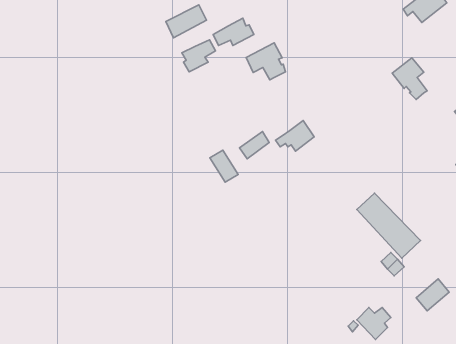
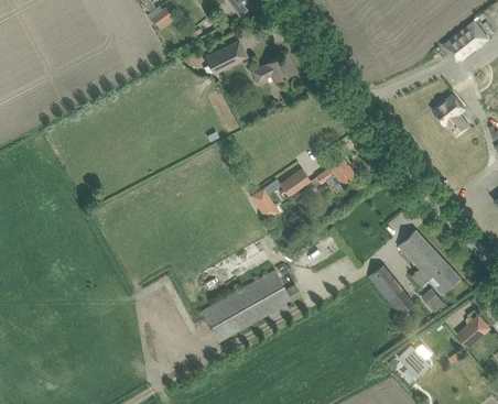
building: [182,40,215,72] -> none
building: [246,43,286,80] -> none
building: none -> [368,265,414,317]
building: none -> [202,271,301,342]

